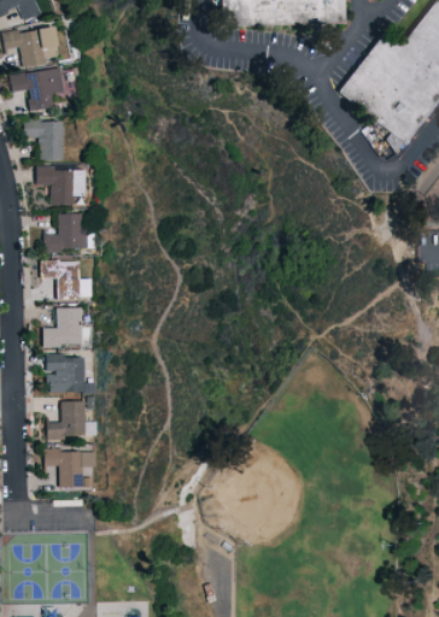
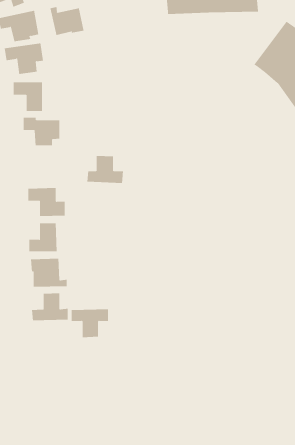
building: none -> [50,6,84,36]
building: [45,212,94,249] -> [87,155,124,183]
building: [43,448,94,487] -> [71,309,109,338]

